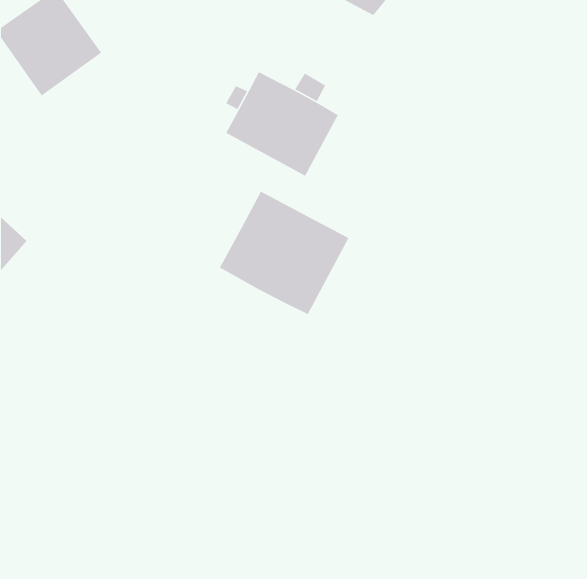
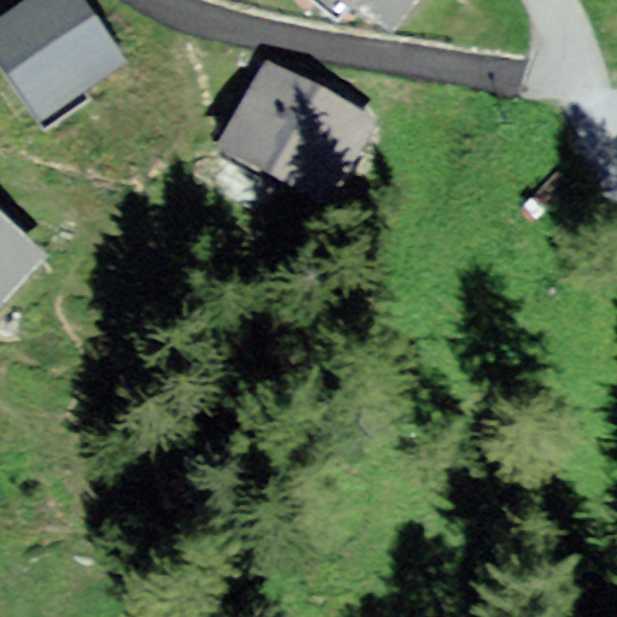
building: [219,191,350,315] -> none

